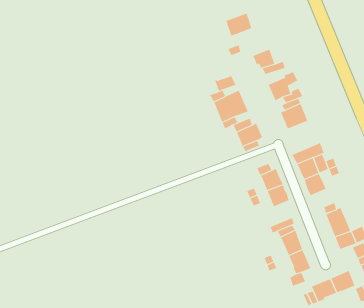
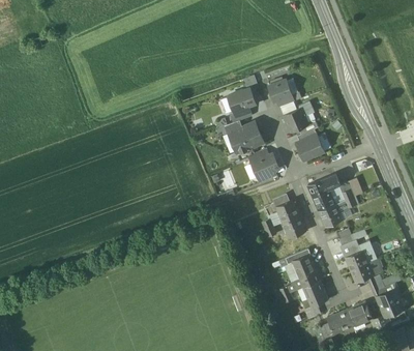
building: [225,13,252,36] -> [228,88,255,112]

